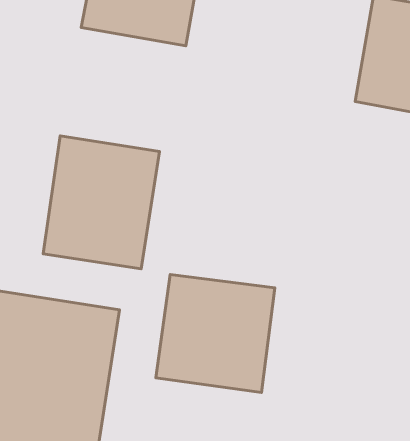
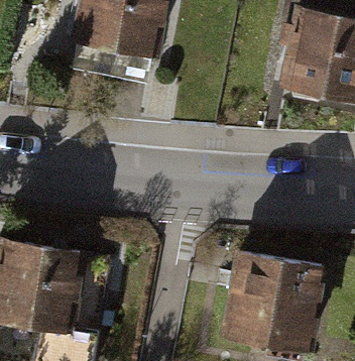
building: [43,136,159,269] -> none
building: [156,274,275,392] -> [228,255,319,345]

